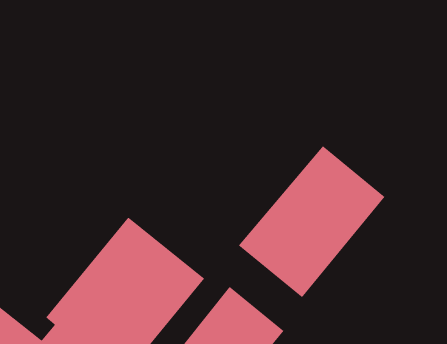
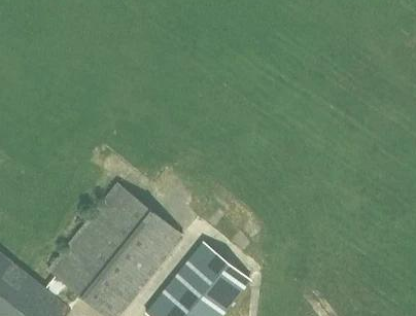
building: [238,145,385,298] -> none

